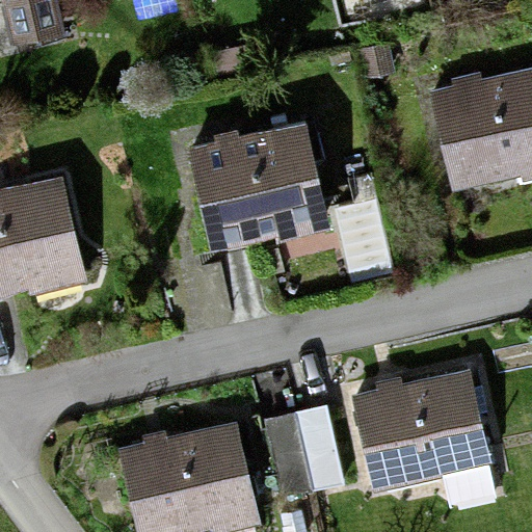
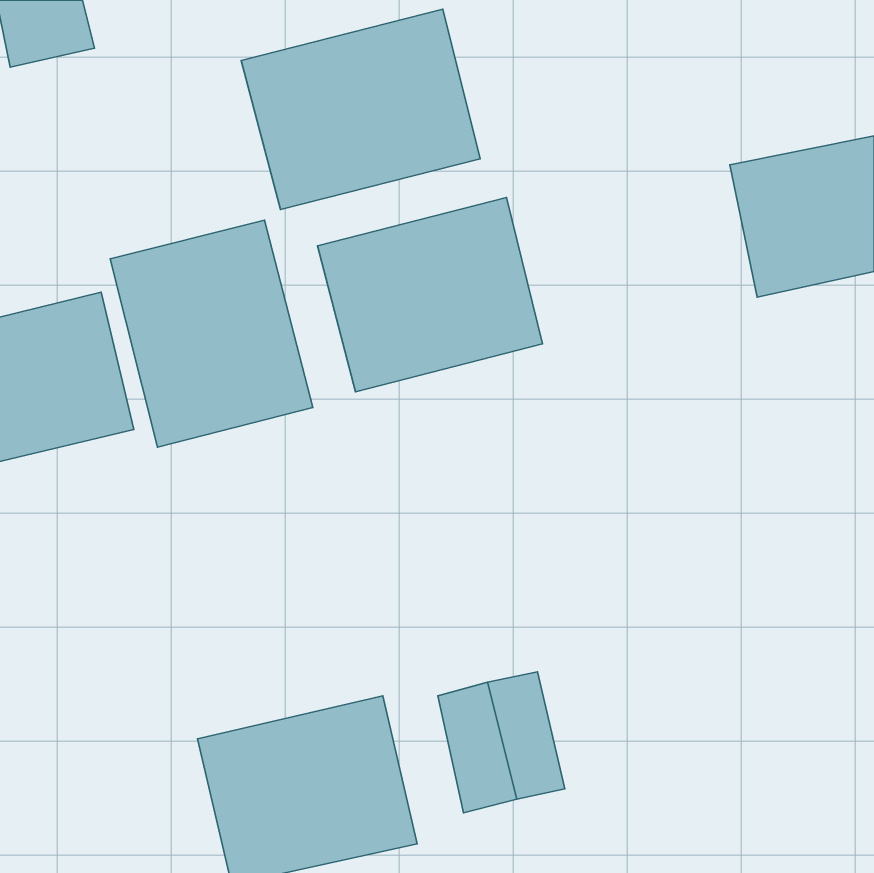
building: none -> [241,9,480,209]
building: none -> [110,220,313,447]
building: [348,365,495,494] -> none

